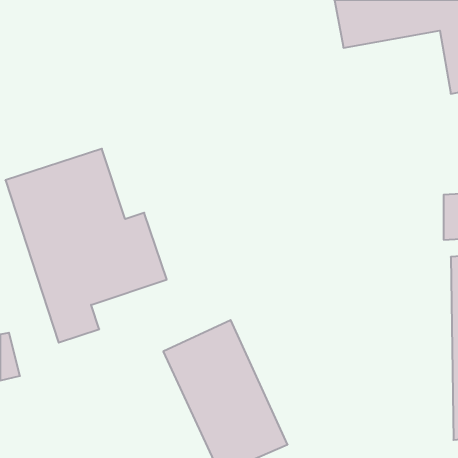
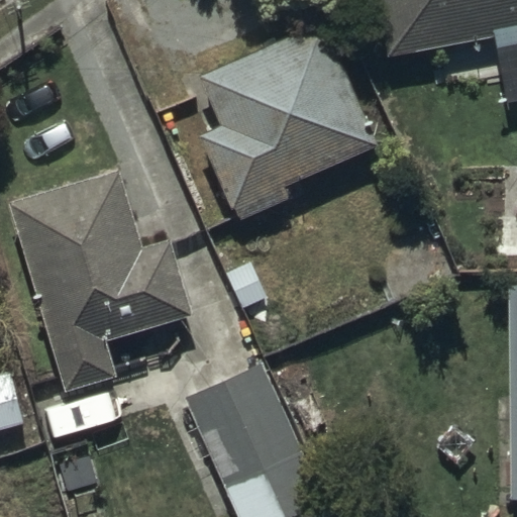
building: none -> [199,22,377,219]

